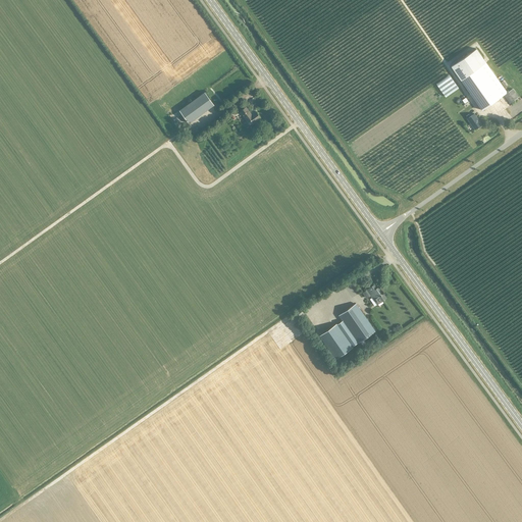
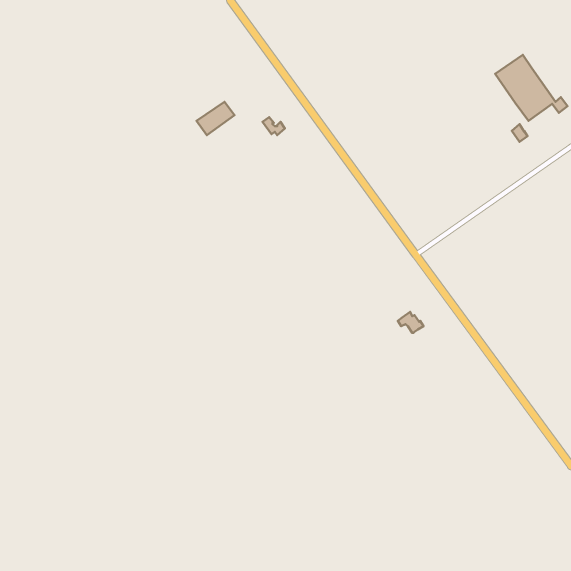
building: [320,304,374,358] -> none

